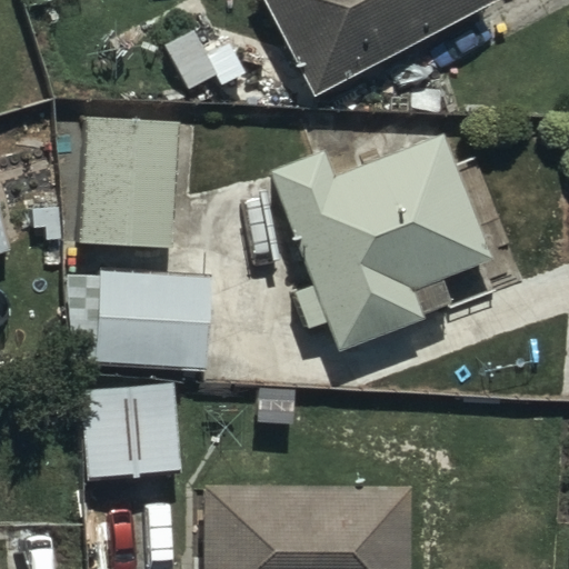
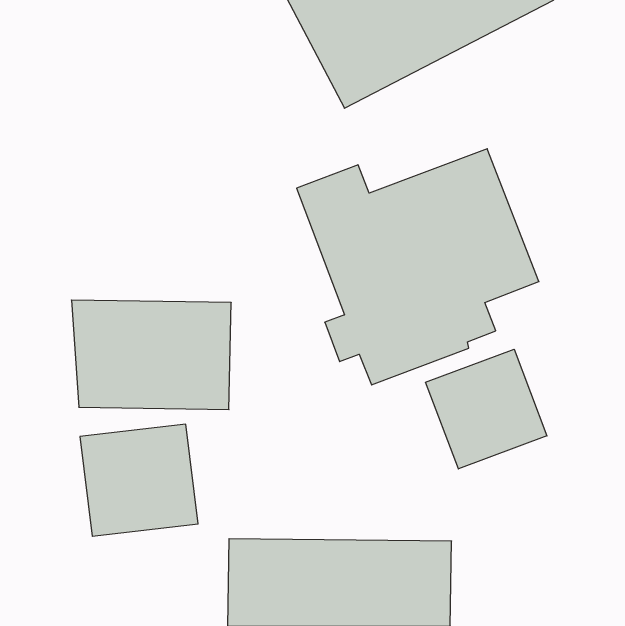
building: [83,120,174,243] -> none
building: none -> [426,349,547,469]

